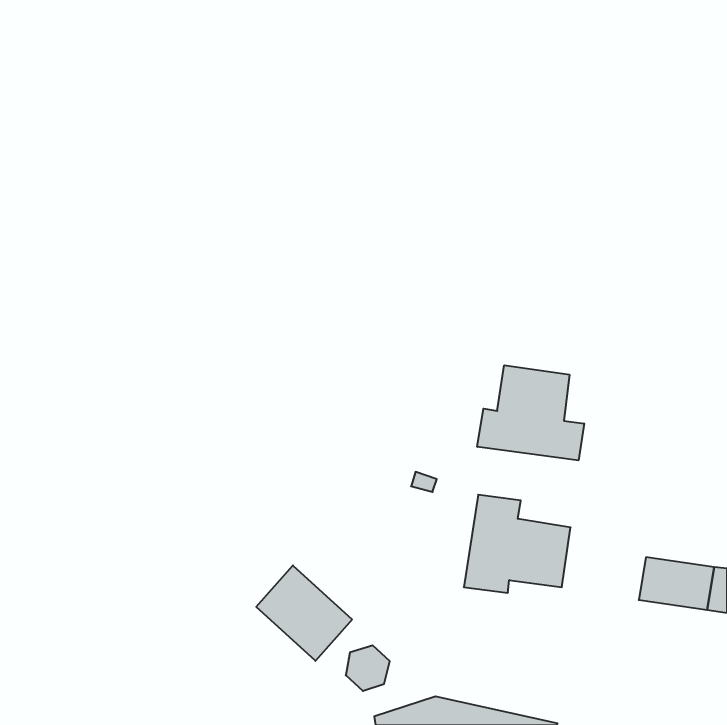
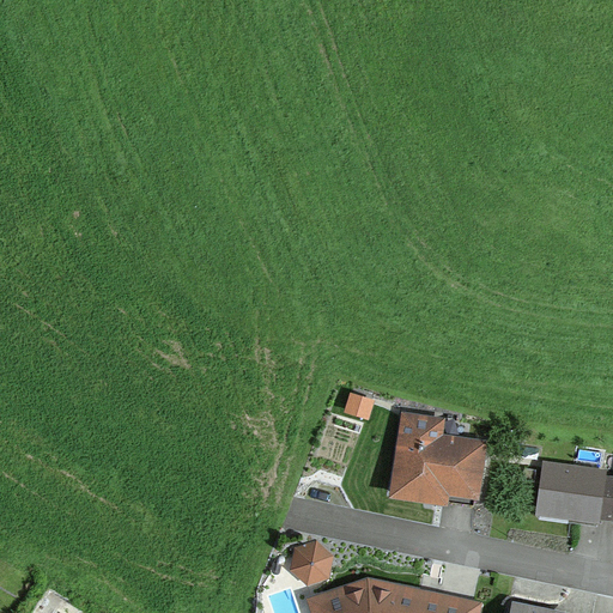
building: [477,365,584,460] -> none
building: [256,565,352,661] -> none

